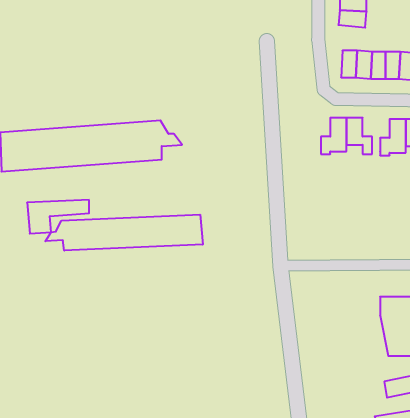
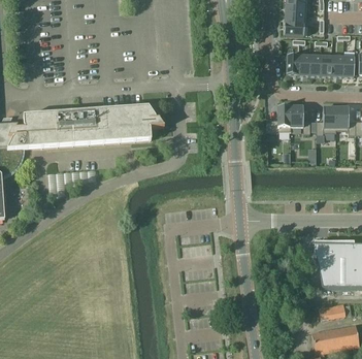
building: [45,215,203,251] -> none

